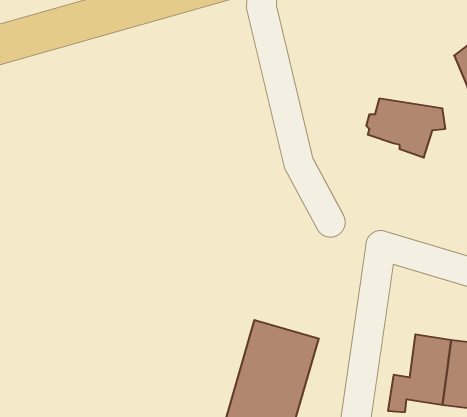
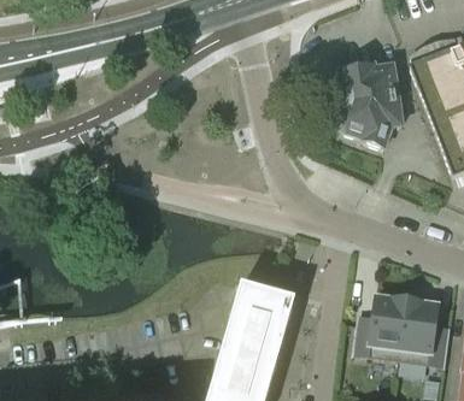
building: none -> [339,59,399,104]

